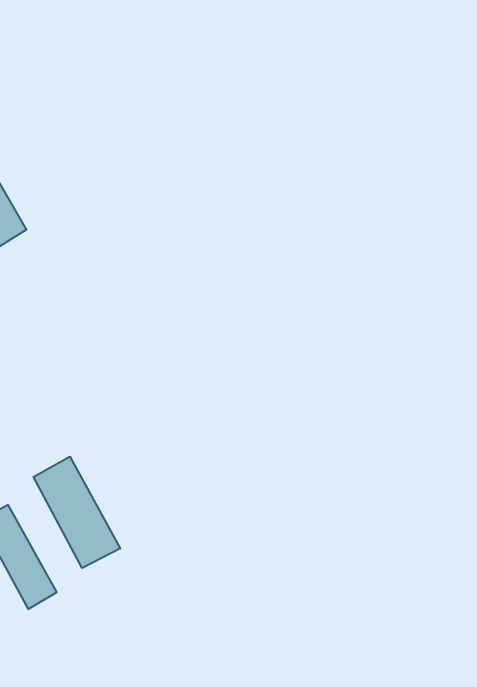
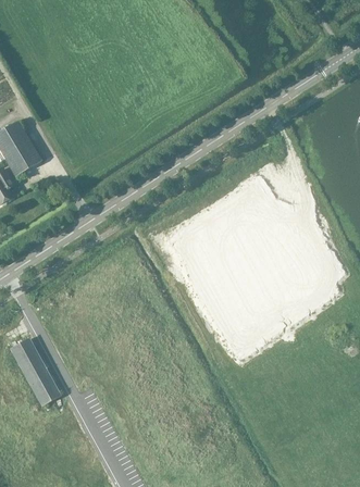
building: [33,457,120,568] -> none

